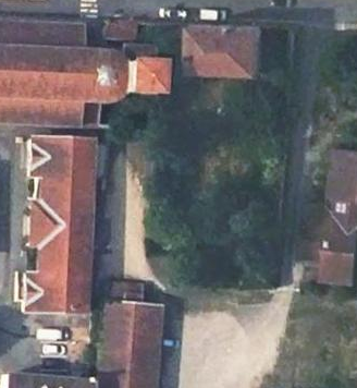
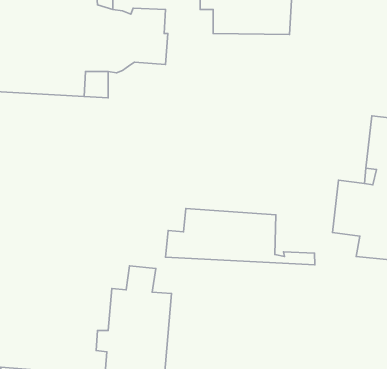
building: [26,143,95,316] -> none
building: none -> [165,209,315,265]

